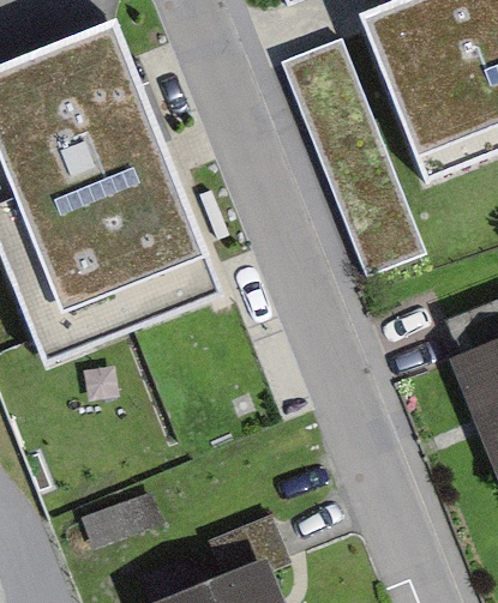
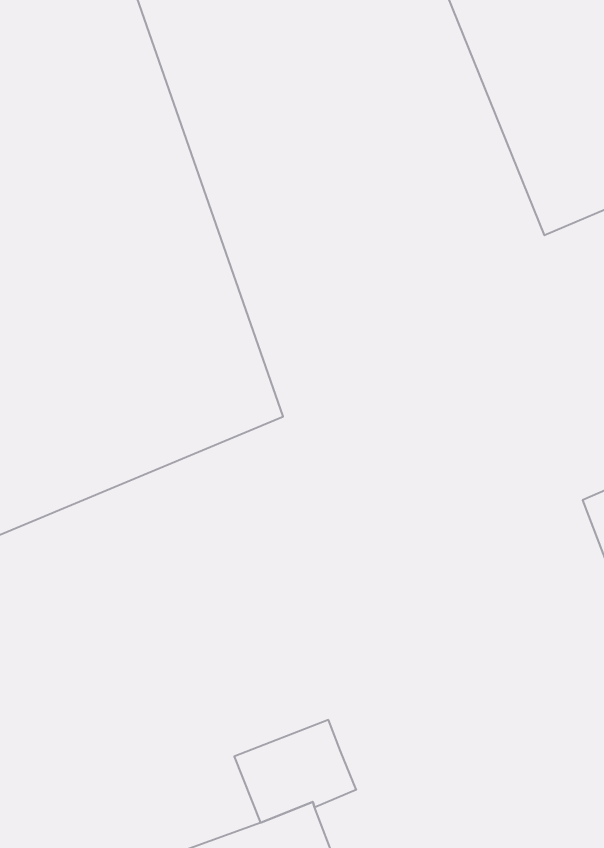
building: [281,36,431,277] -> none

